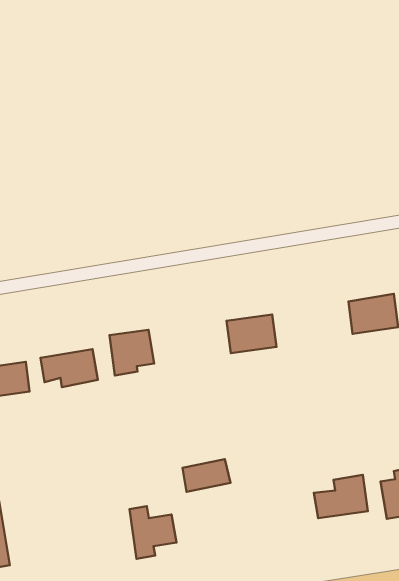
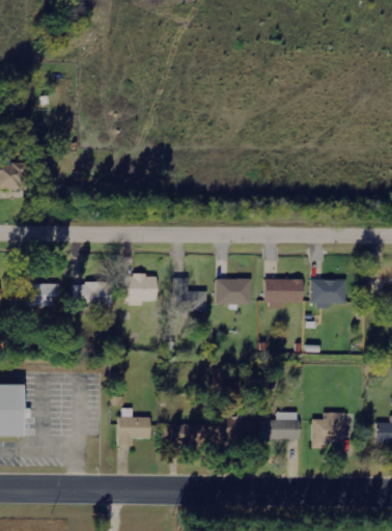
building: none -> [265,279,303,308]
building: none -> [174,277,206,317]
building: [182,459,230,492] -> [172,424,206,444]
building: none -> [221,417,254,442]

